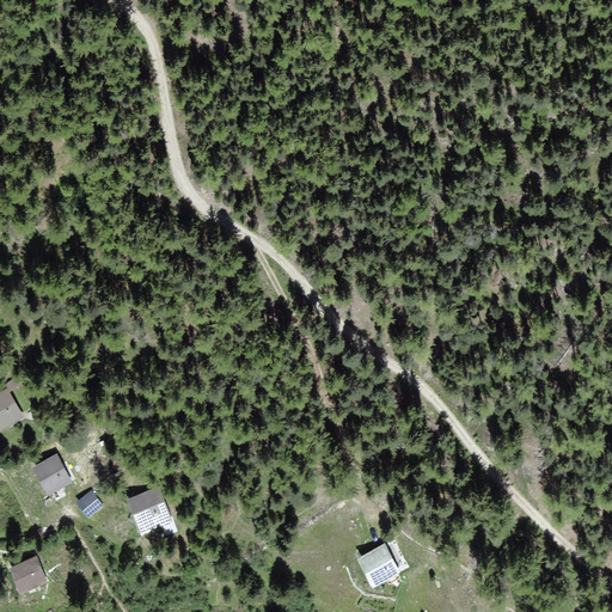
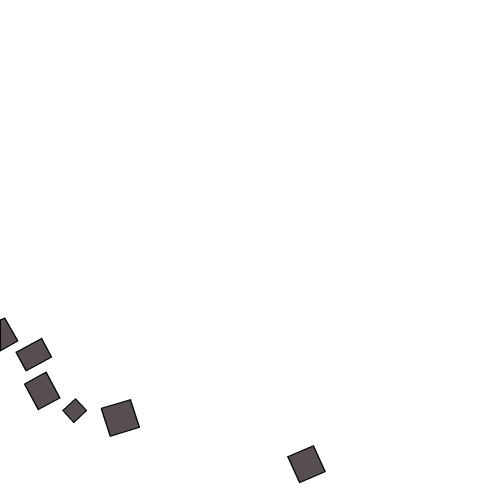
building: none -> [16,338,51,371]
building: [11,558,47,592] -> none

